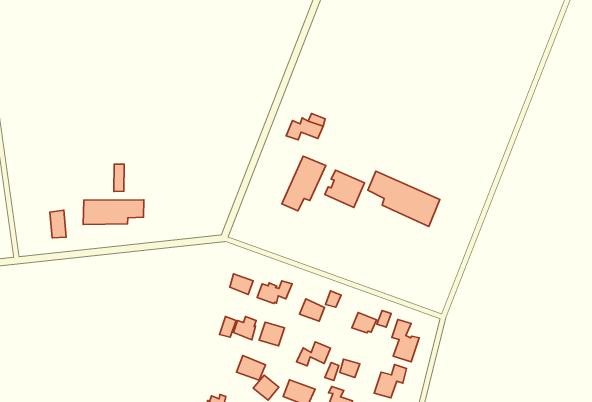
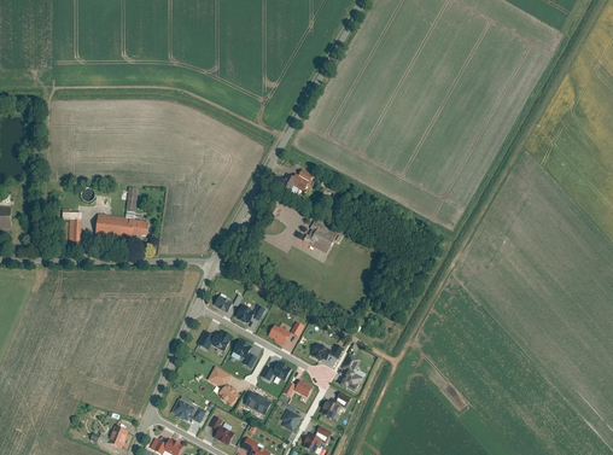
building: [282,156,326,211] -> none
building: [368,171,440,227] -> none

